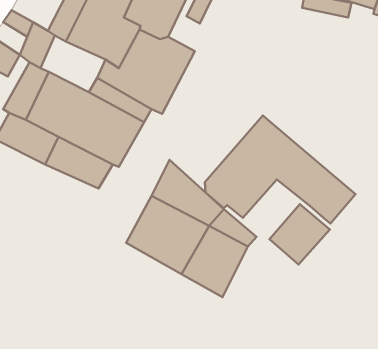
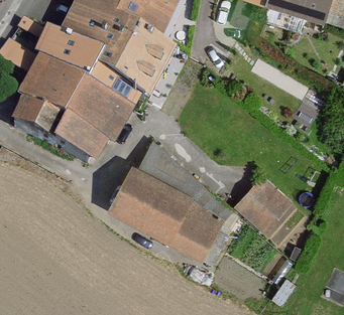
building: none -> [46,38,101,86]
building: [205,115,355,223] -> none

